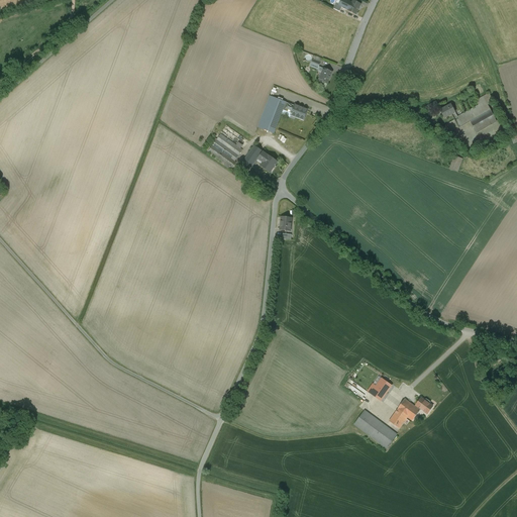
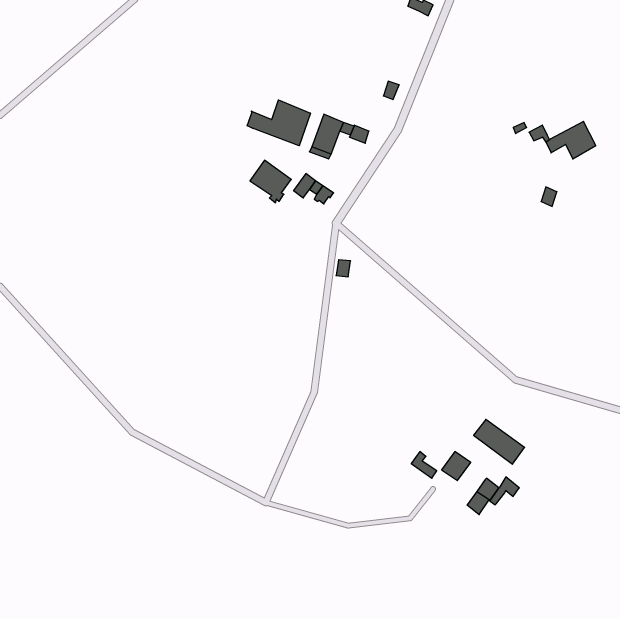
building: none -> [247,100,310,146]
building: [354,410,397,447] -> [474,419,525,464]

